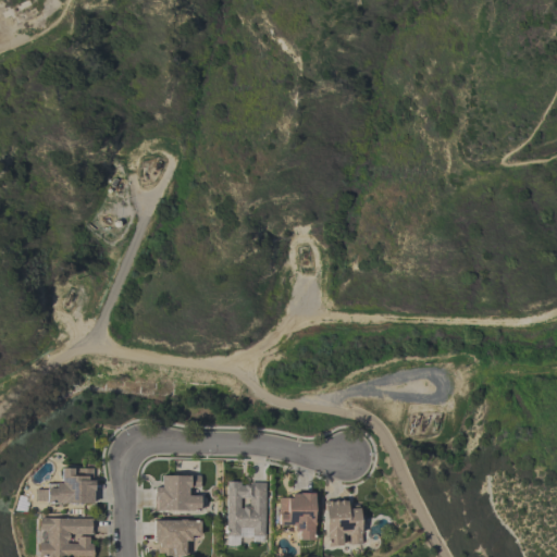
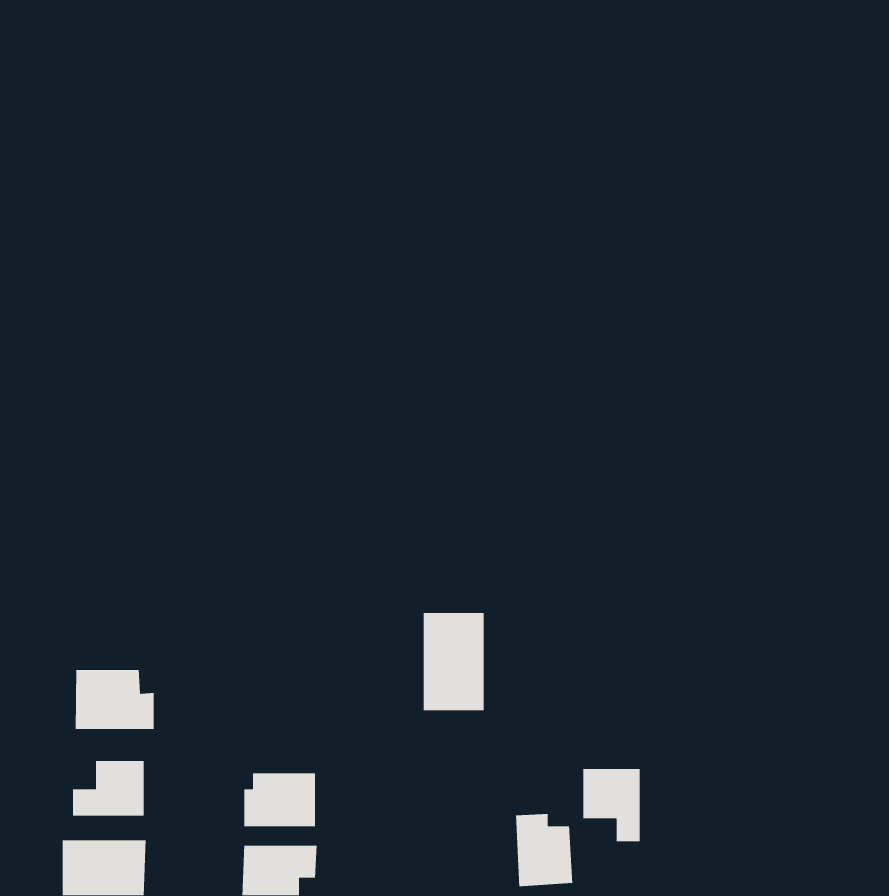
building: none -> [75,669,154,730]
building: [227,483,265,544] -> [423,612,485,711]
building: [278,495,314,541] -> [582,768,641,842]

